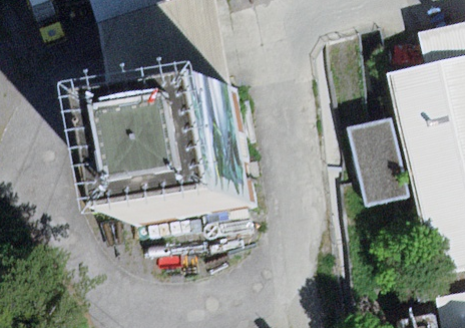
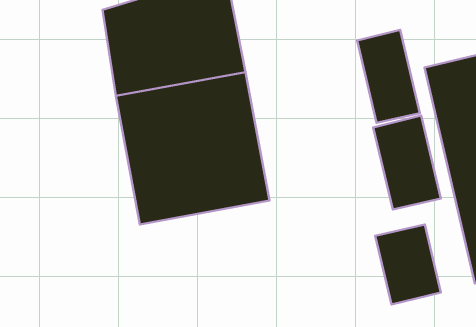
building: none -> [357,30,420,123]
building: none -> [375,224,441,305]

